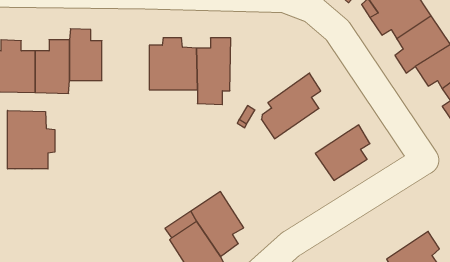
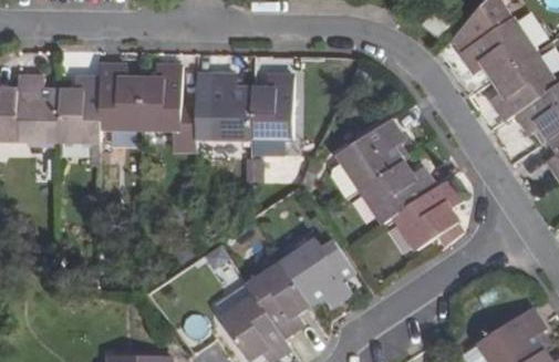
building: none -> [141,68,197,130]
building: none -> [361,162,435,224]
building: [8,110,55,169] -> none
building: none -> [282,239,355,306]

